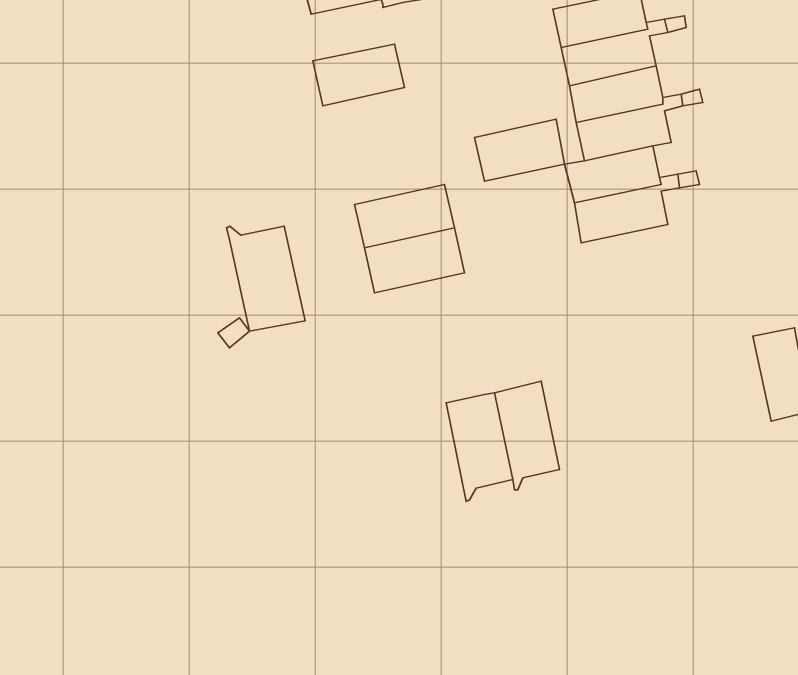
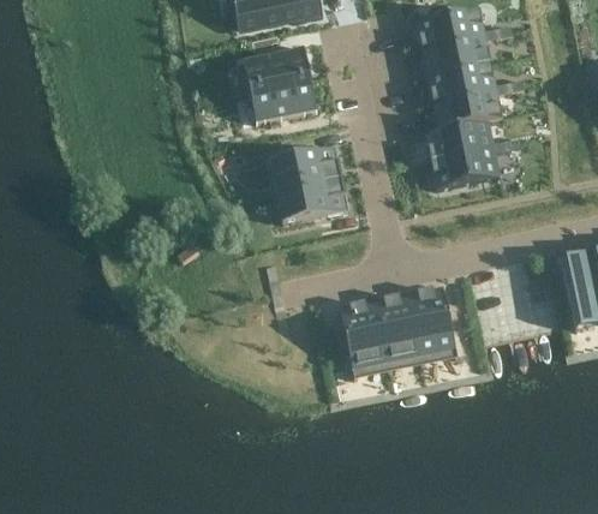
building: [474,119,565,181] -> [250,79,315,124]
building: [226,226,305,331] -> none
building: none -> [407,283,455,361]

